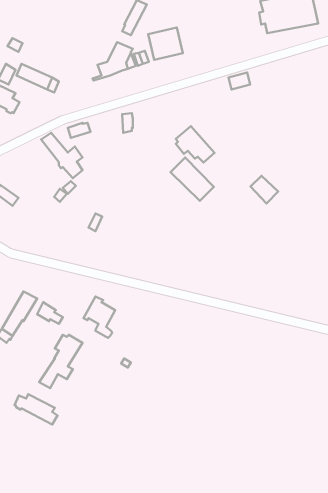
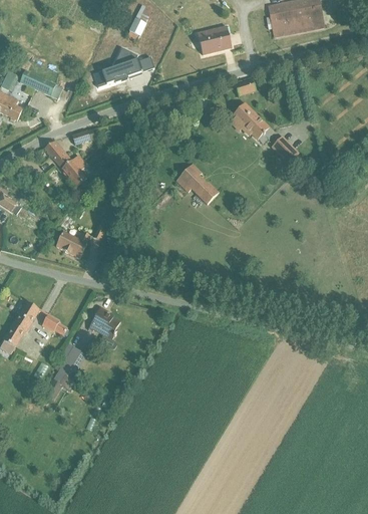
building: [148,27,183,60] -> [198,23,233,56]
building: [176,126,214,163] -> [232,104,271,142]
building: [251,176,278,203] -> [271,137,299,165]
building: none -> [56,230,90,257]
building: [14,394,57,424] -> none

